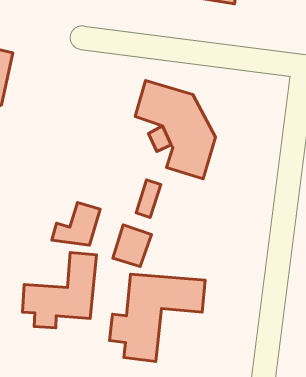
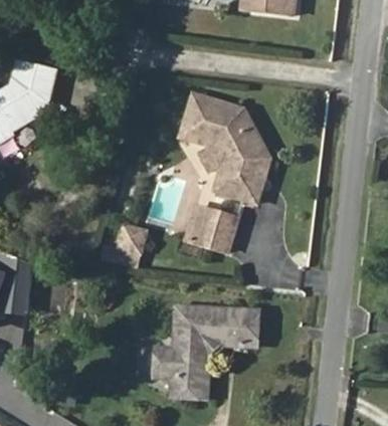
building: [113,225,152,267] -> [198,207,239,251]
building: [23,253,96,328] -> none

